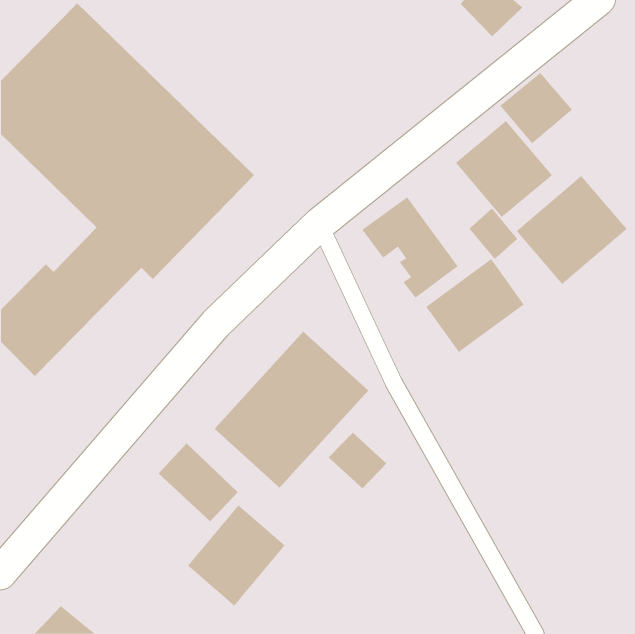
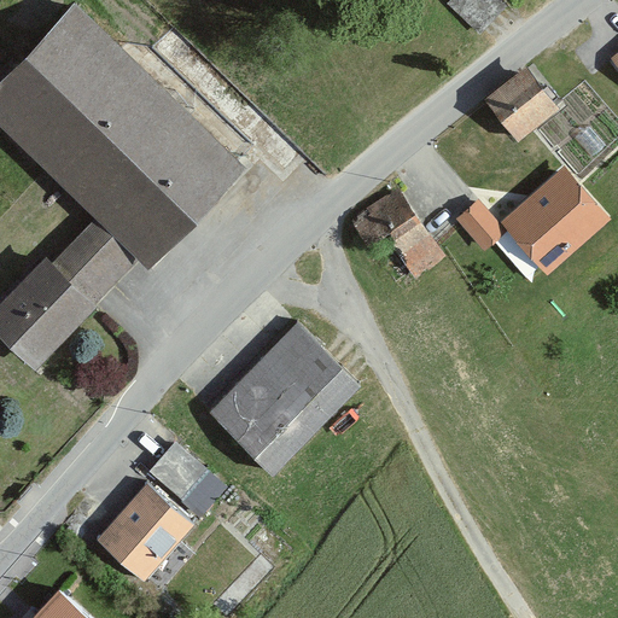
building: [455,120,553,218] -> none
building: [425,258,525,353] -> none
building: [328,432,387,489] -> none
building: [187,505,285,606] -> [95,482,191,581]

